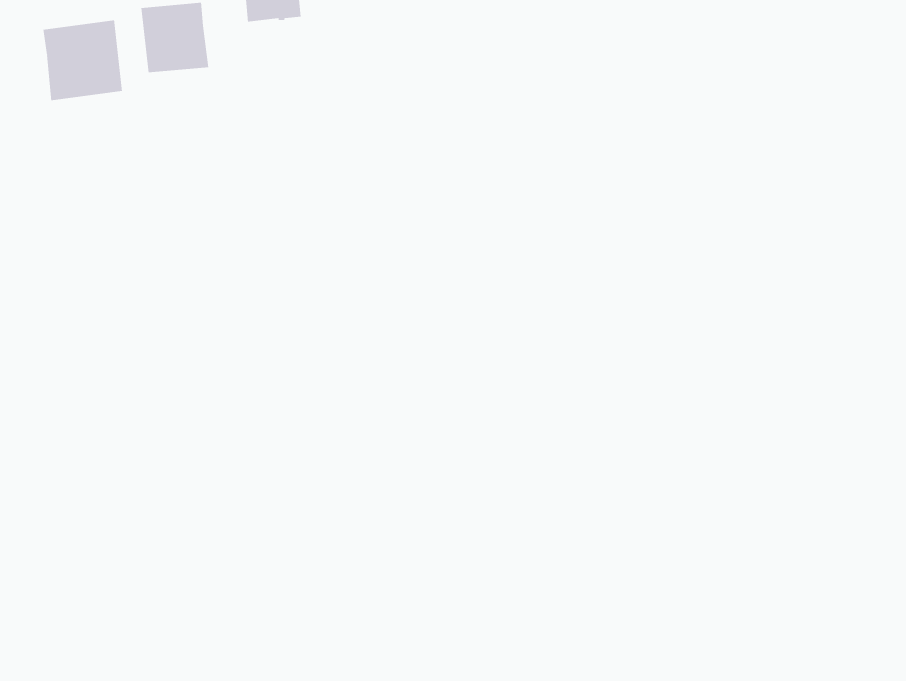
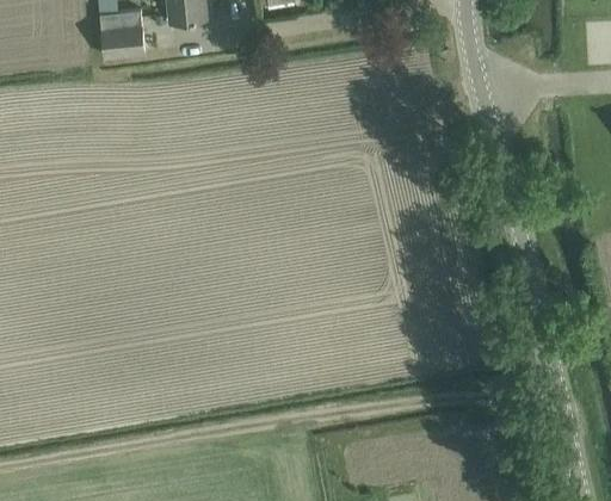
building: [43,20,122,101] -> none

